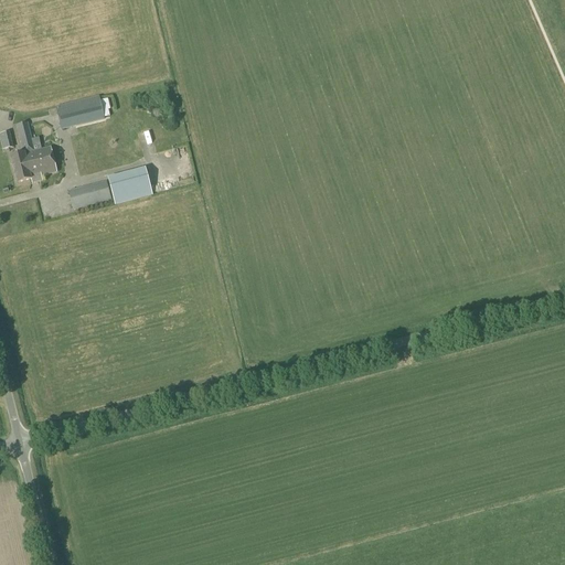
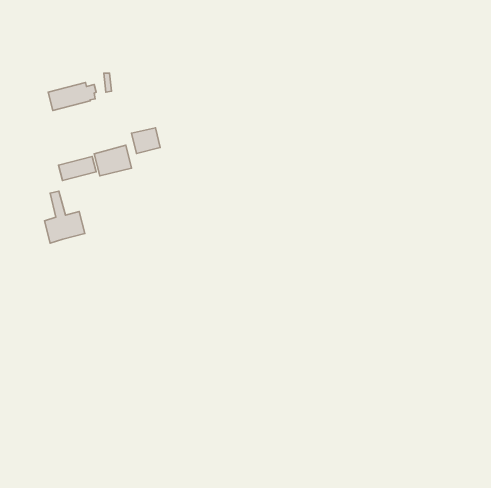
building: [10,121,56,181] -> [44,191,85,243]
building: none -> [131,128,160,154]

